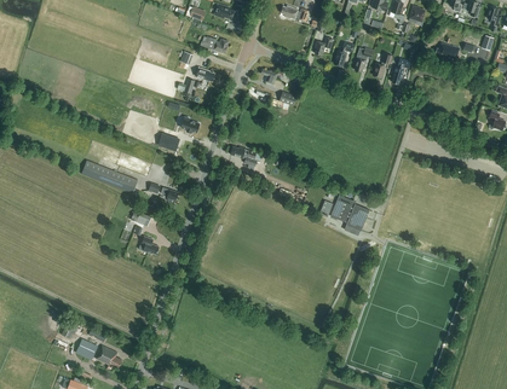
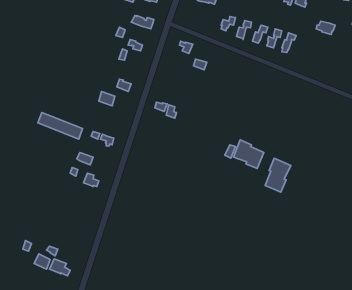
building: none -> [265,158,291,192]

